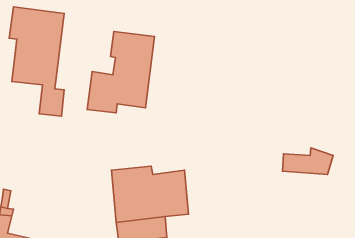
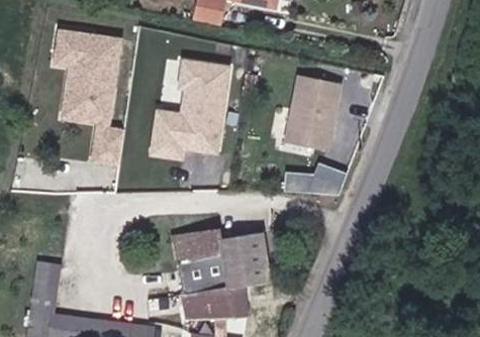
building: none -> [284,76,341,151]
building: [283,148,333,174] -> [282,165,344,198]

